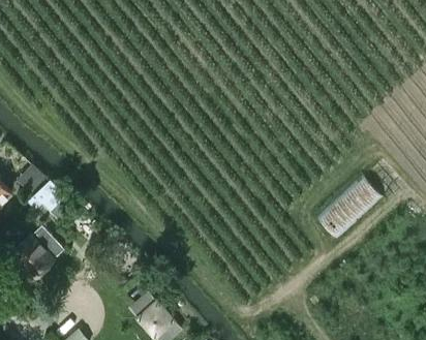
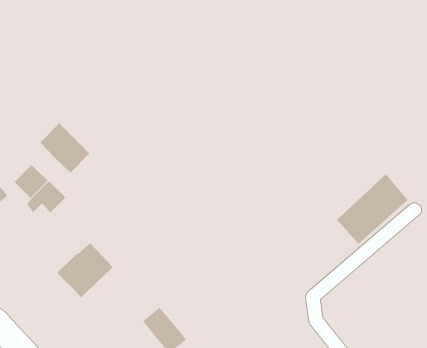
building: none -> [39,122,90,174]
building: [10,228,63,280] -> [57,243,113,298]

